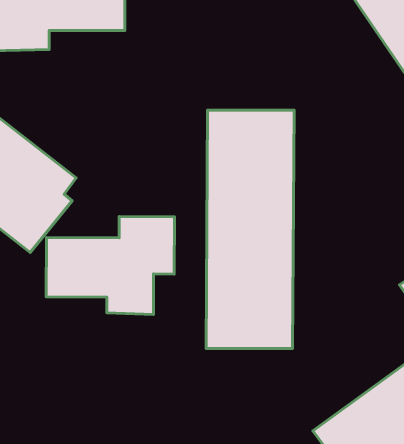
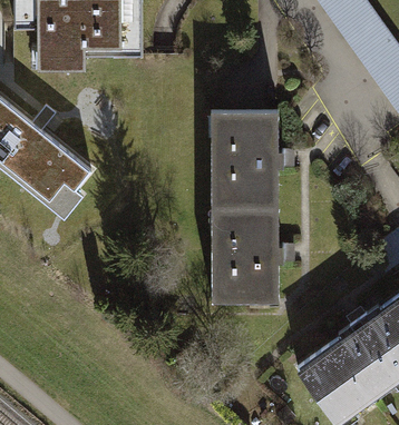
building: [46,217,175,314] -> none

